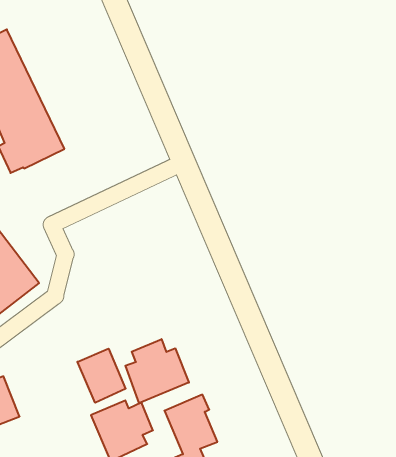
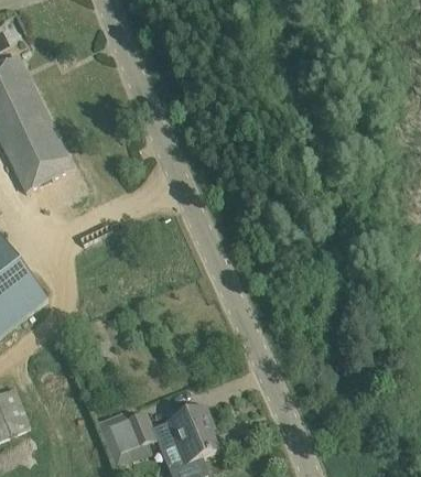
building: [125,339,189,403] -> none
building: [77,349,126,403] -> none

